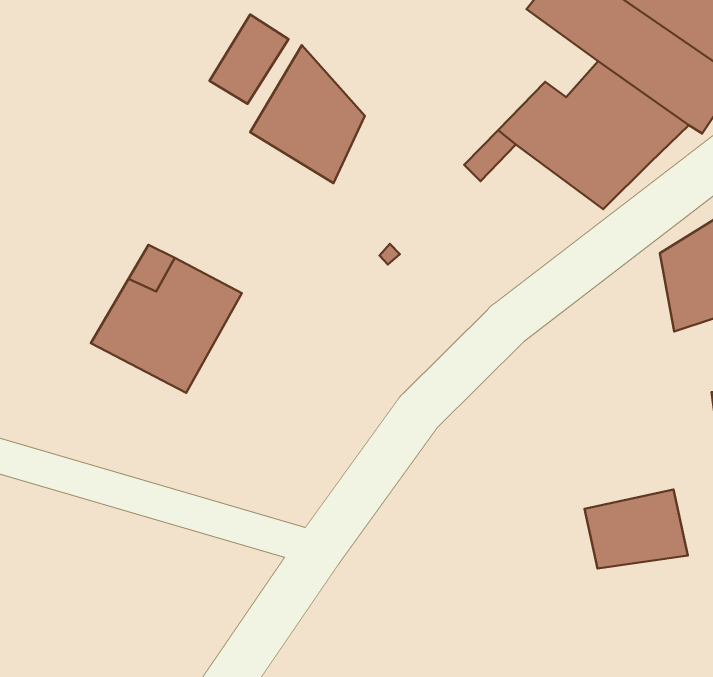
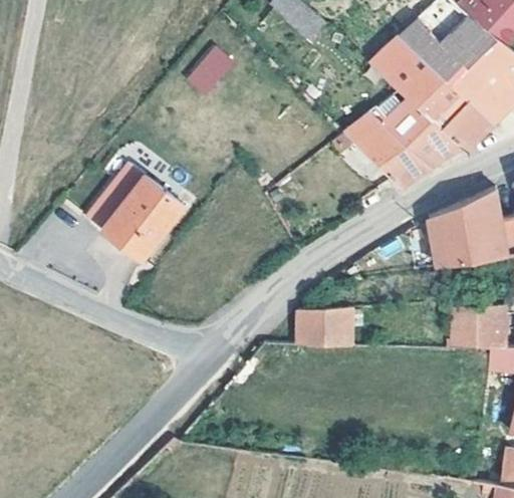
building: [250,45,365,183] -> none
building: [584,489,688,568] -> [299,304,355,344]

